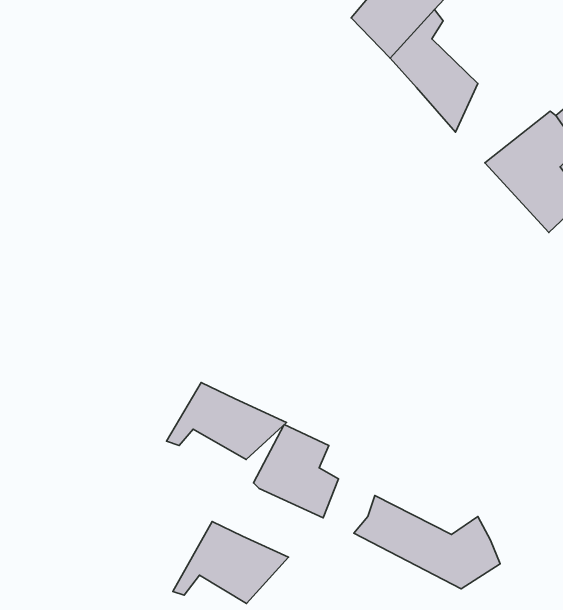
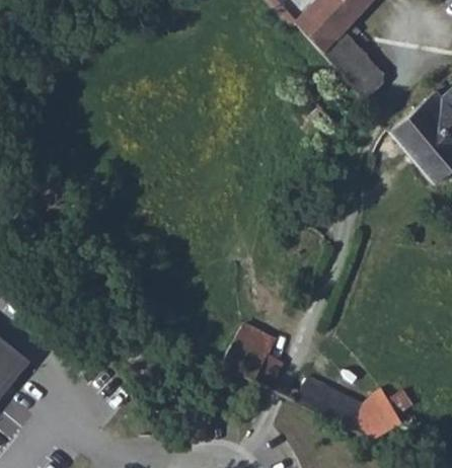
building: [167,382,286,459] -> none
building: [173,521,289,604] -> none

